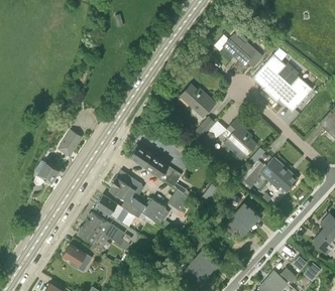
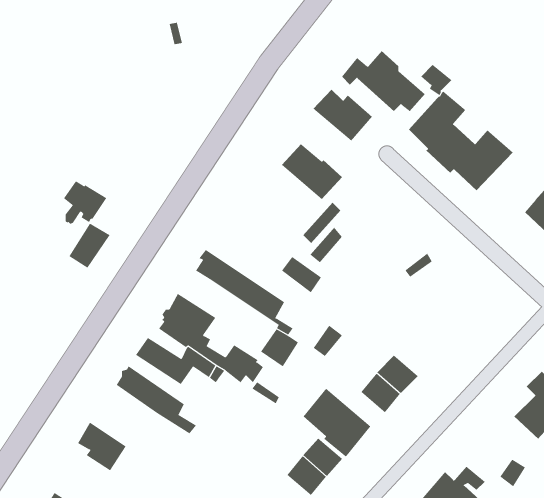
building: none -> [313,89,373,141]
building: [222,120,256,160] -> none
building: [242,157,298,194] -> none
building: [34,159,60,184] -> [63,181,107,225]
building: [78,222,108,255] -> none
building: none -> [303,388,371,457]

